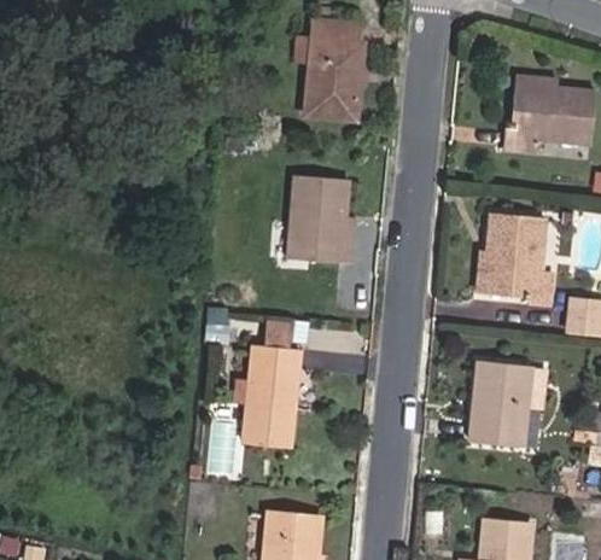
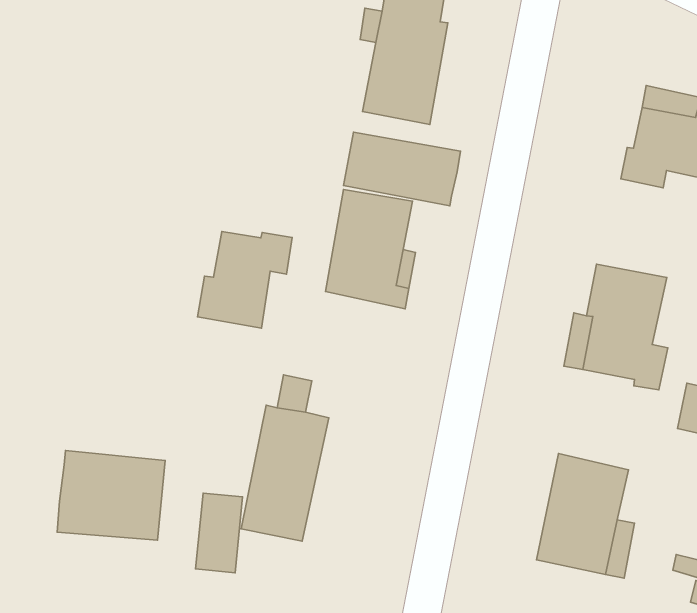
building: none -> [344,132,460,206]
building: none -> [198,232,292,328]
building: none -> [57,450,165,540]

